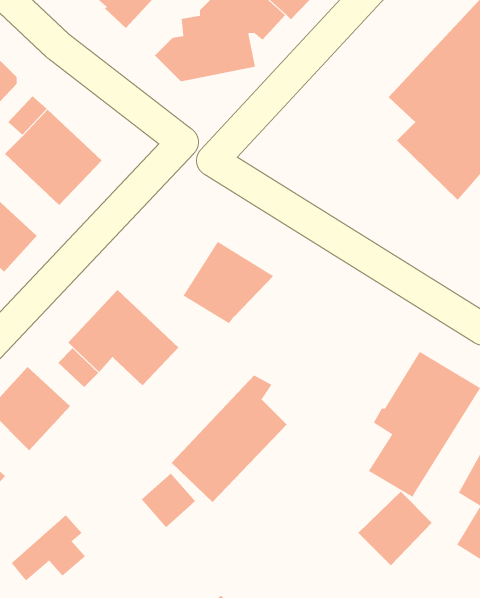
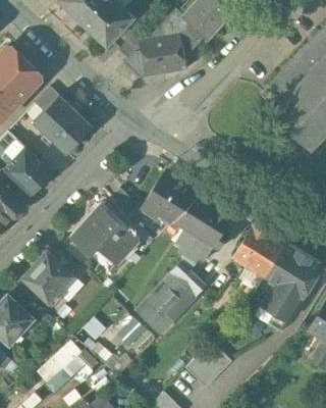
building: none -> [173,196,235,262]
building: none -> [233,222,286,276]
building: [358,491,433,566] -> [185,342,231,388]

